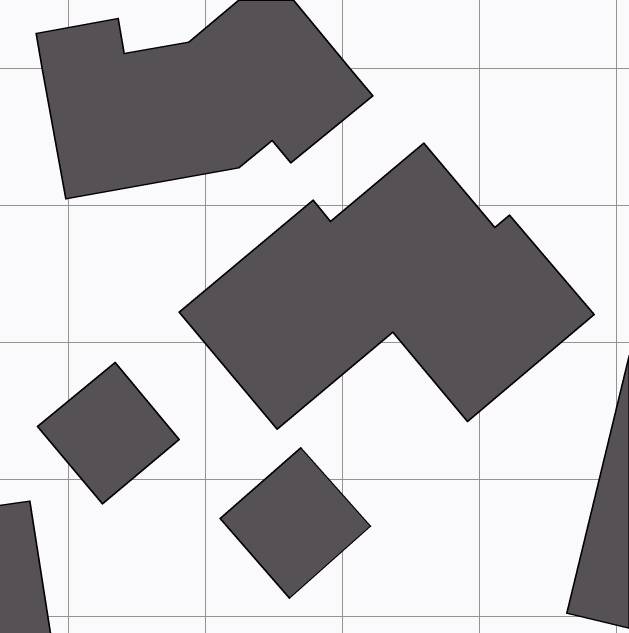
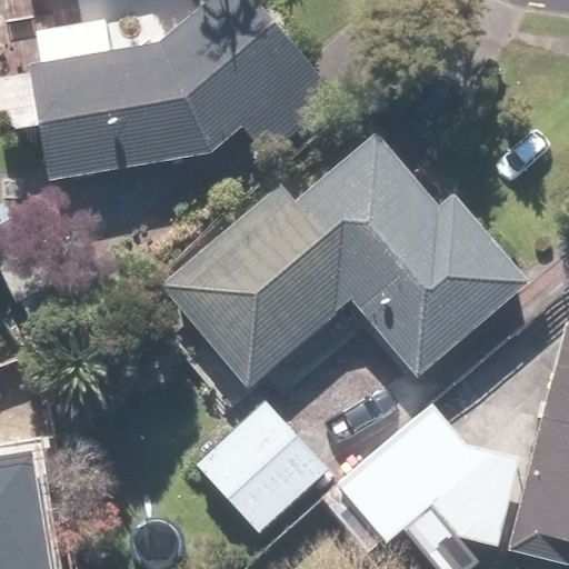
building: [37,362,179,504] -> none
building: none -> [333,400,521,547]

